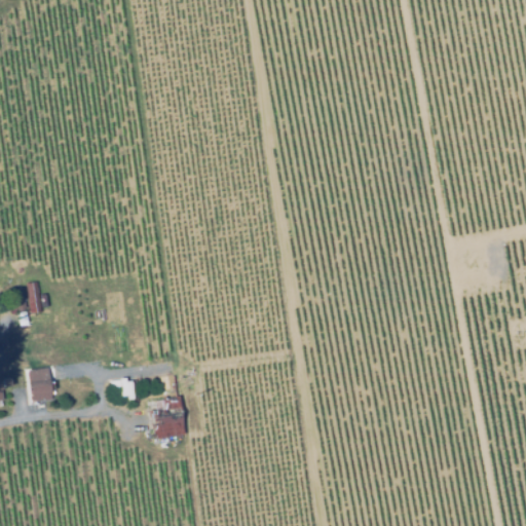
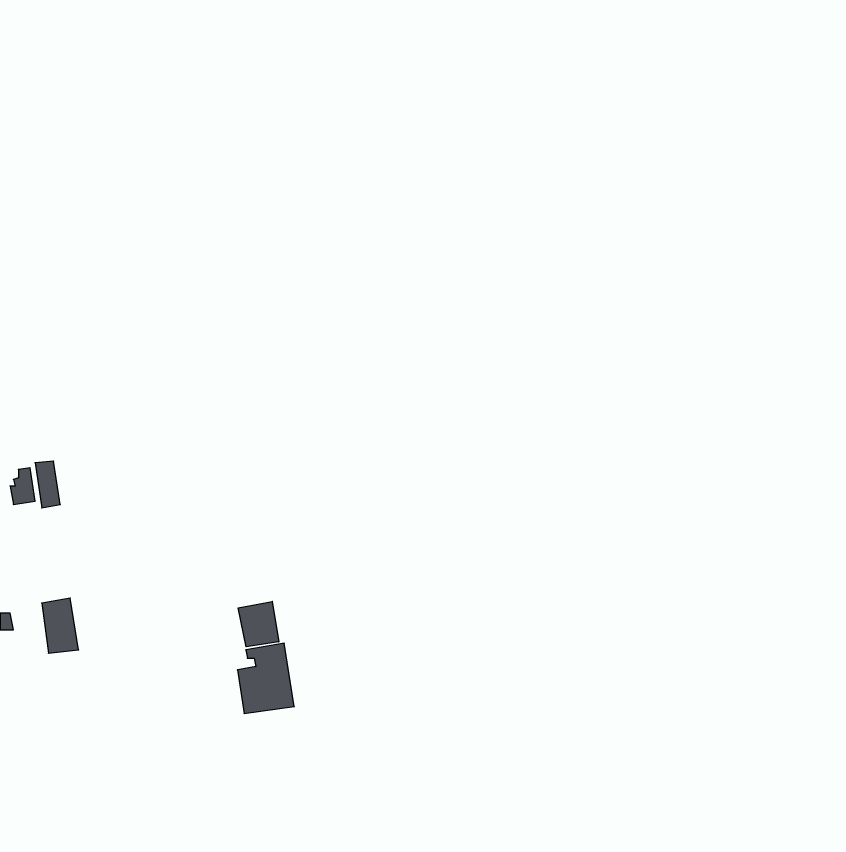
building: none -> [238,601,279,647]

